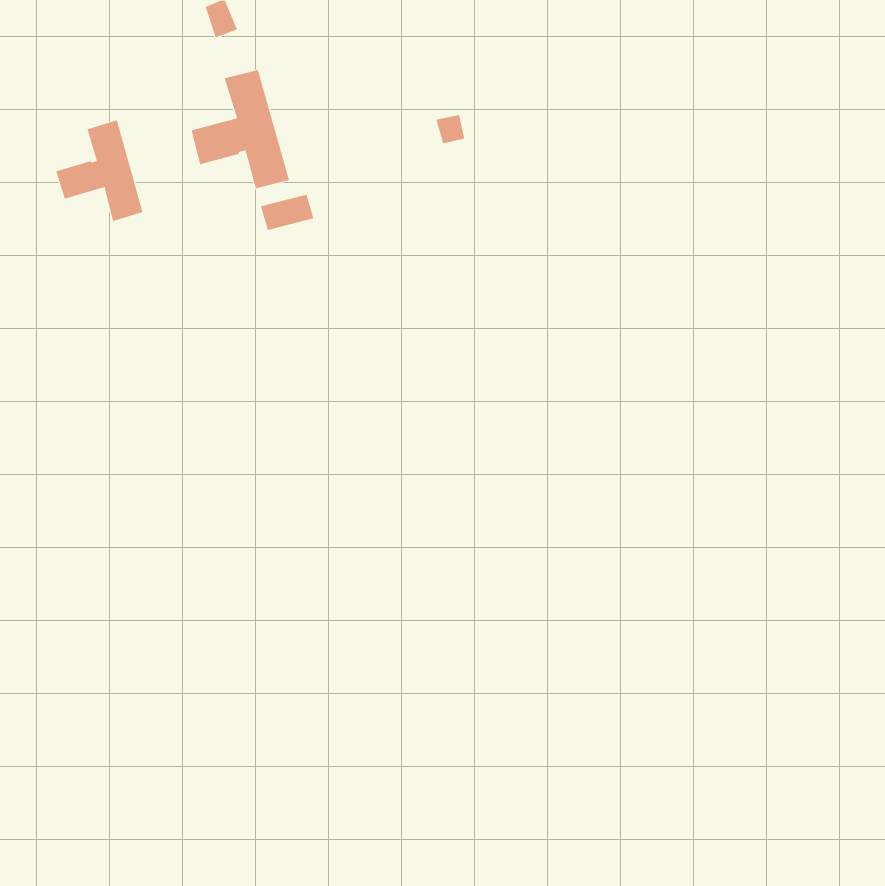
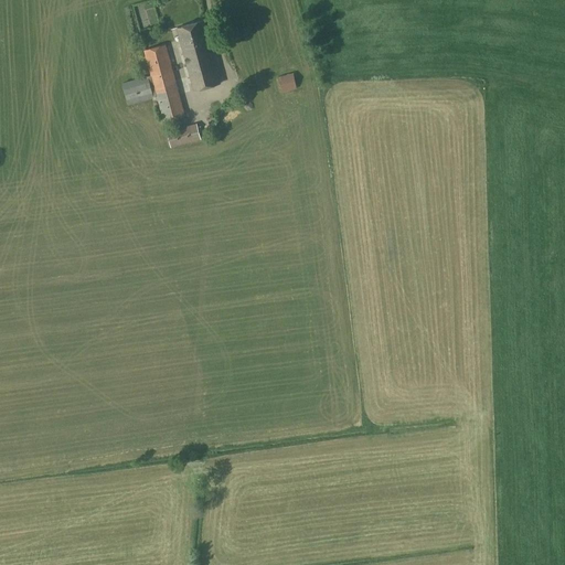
building: none -> [177,20,218,90]
building: [56,119,143,222] -> none

